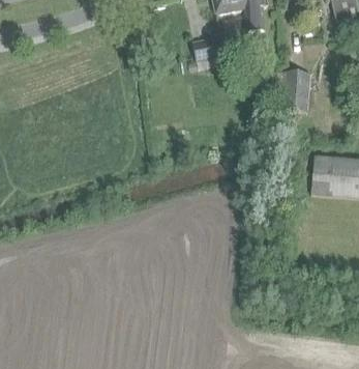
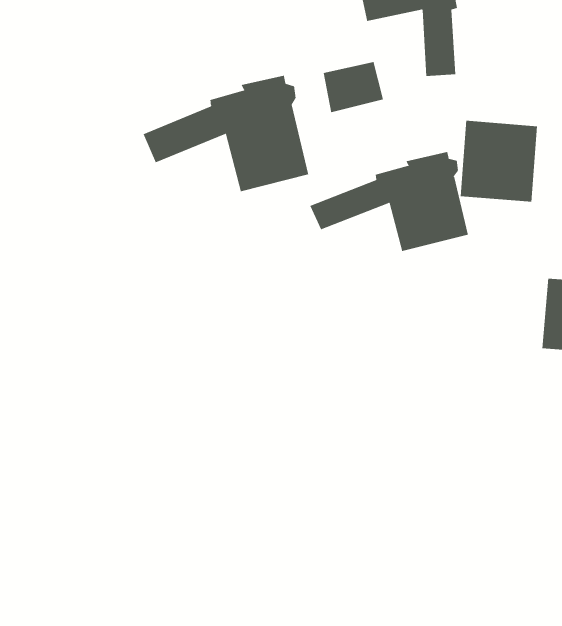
building: none -> [143,75,309,192]
building: none -> [310,151,468,252]

